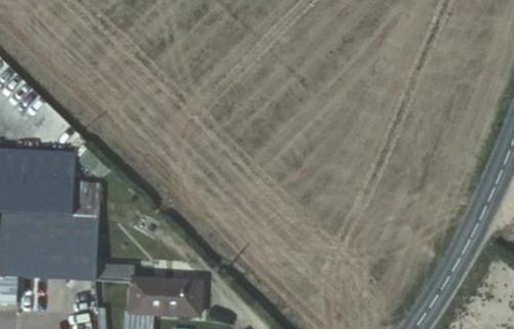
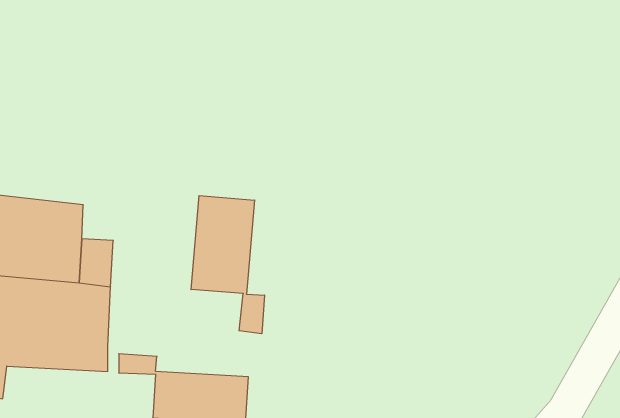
building: none -> [191,196,264,334]

